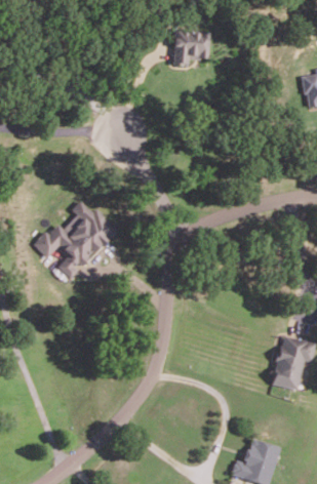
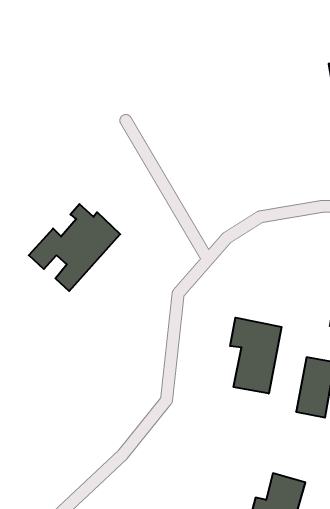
building: [172,32,209,65] -> none
building: none -> [230,318,282,394]

